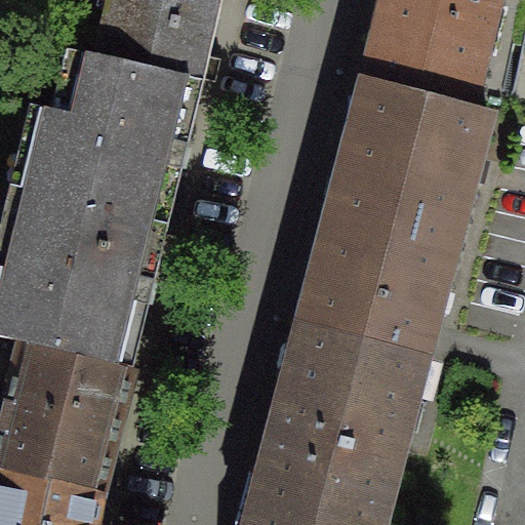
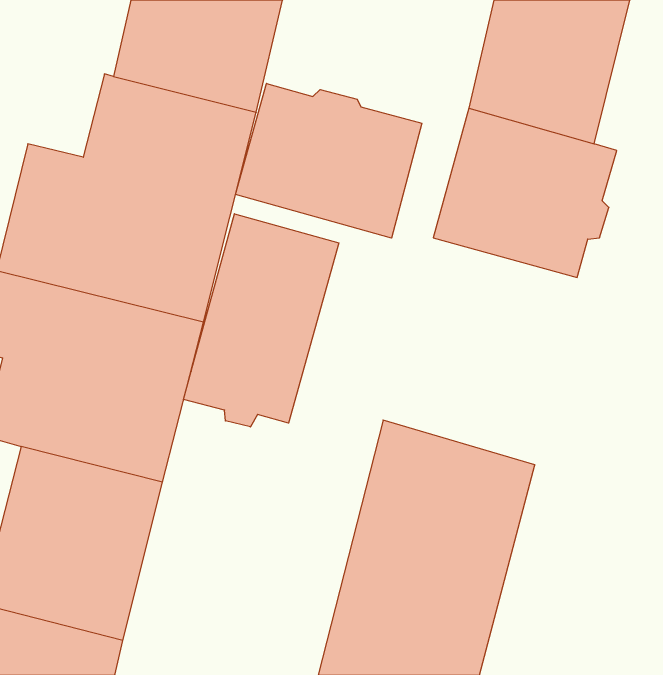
building: none -> [236,83,422,238]
building: none -> [184,214,339,427]
building: [308,185,448,320] -> none

